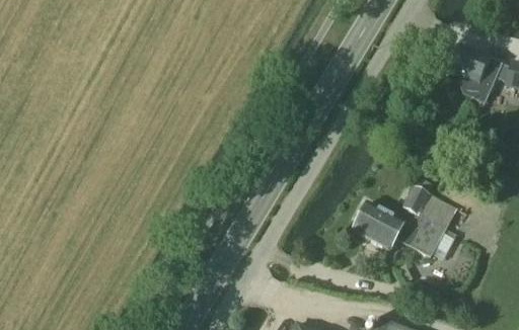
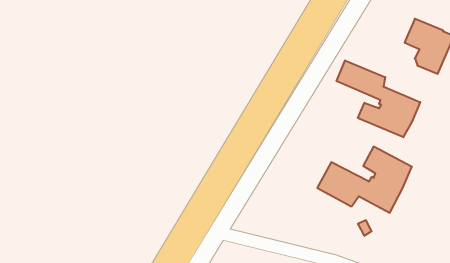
building: none -> [337,60,420,137]

